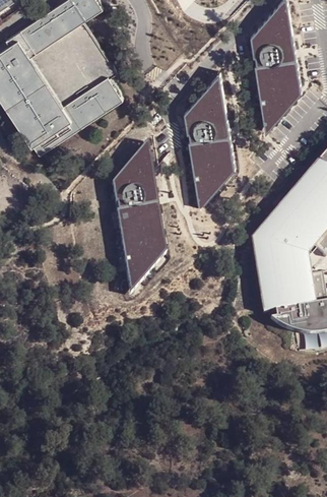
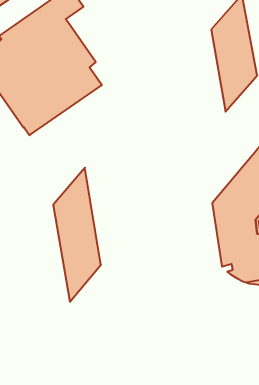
building: [185,71,237,208] -> none
building: [112,142,167,297] -> [53,168,101,302]

